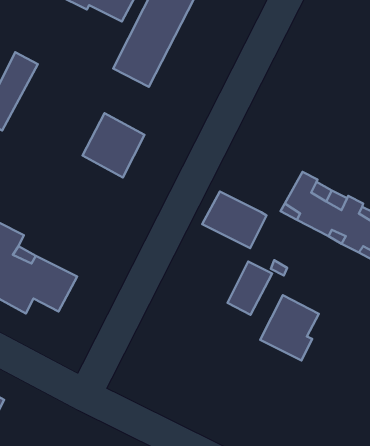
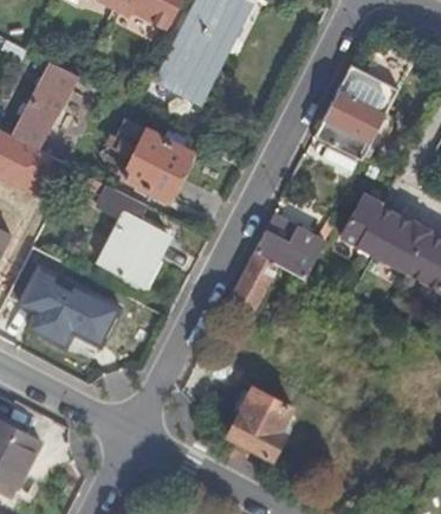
building: none -> [314,65,398,159]
building: none -> [98,186,169,287]
building: [228,261,272,315] -> [232,251,280,309]
building: [260,295,319,361] -> [228,387,292,458]

